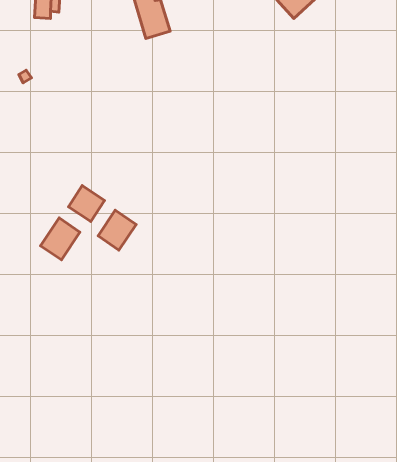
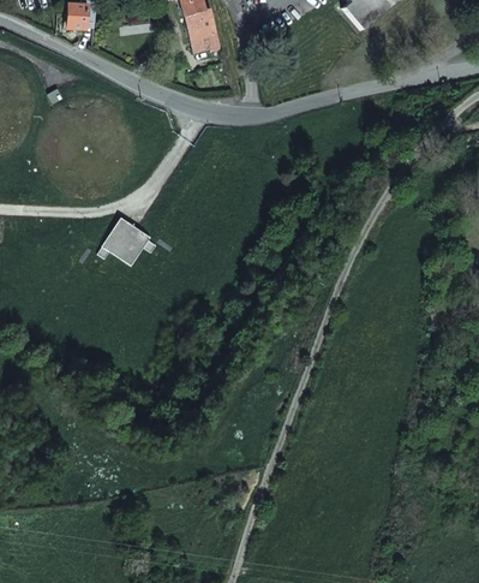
building: [98,210,136,250] -> none
building: [41,218,80,260] -> none

